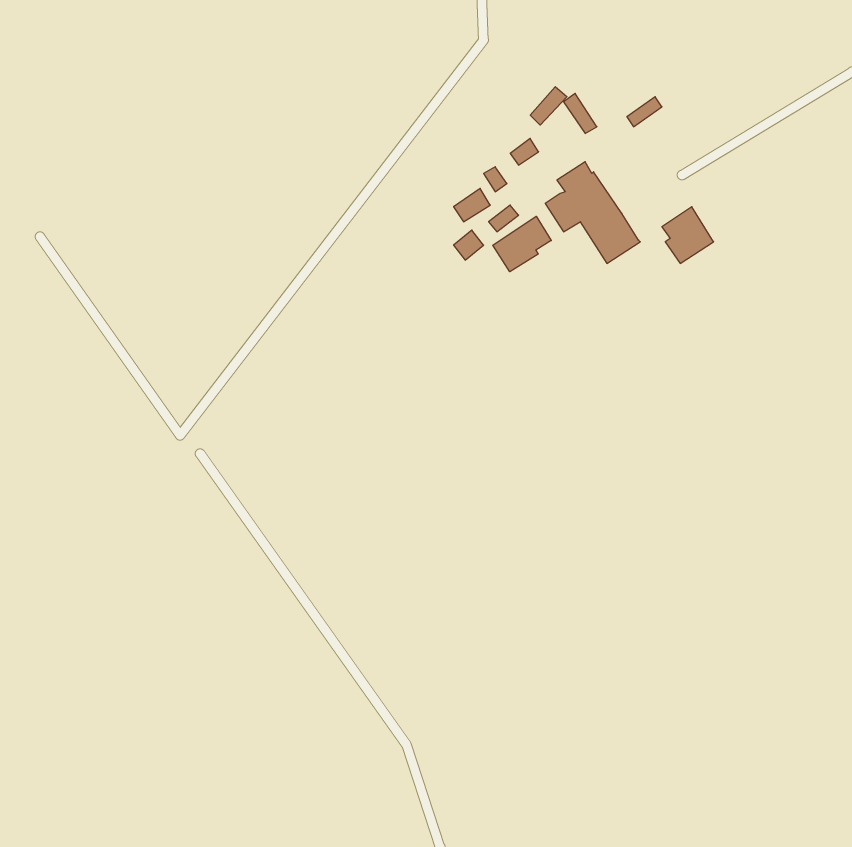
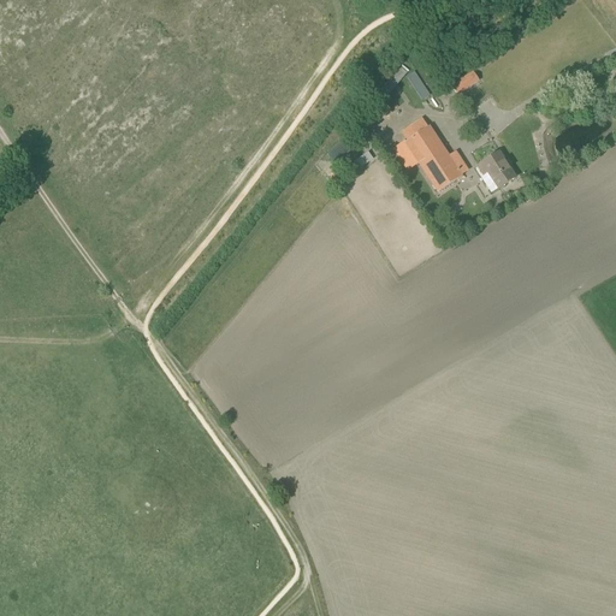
building: [493,216,551,272] -> none

